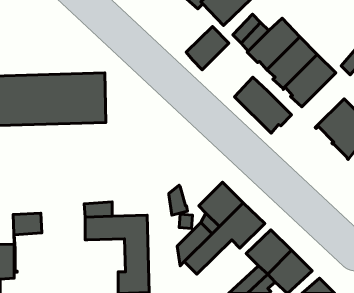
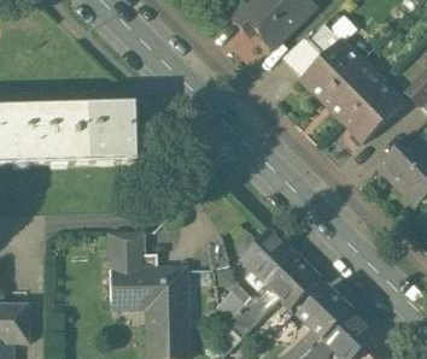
building: [186,26,229,70] -> none
building: [235,77,292,133] -> none
building: [13,213,42,272] -> [109,229,142,298]

